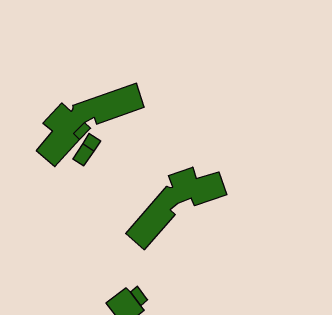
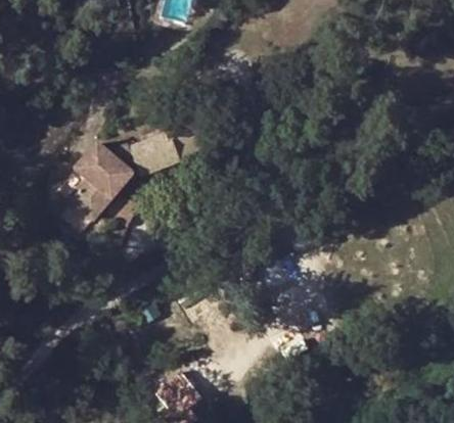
building: [126,167,227,250] -> none

